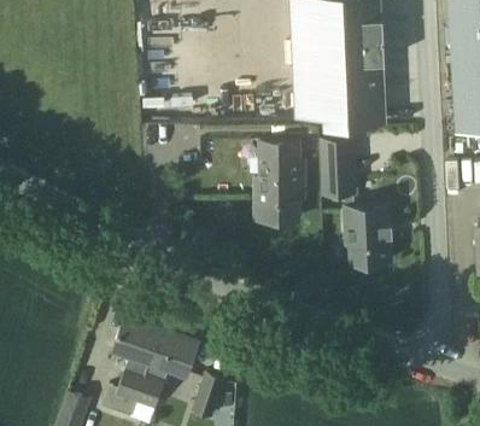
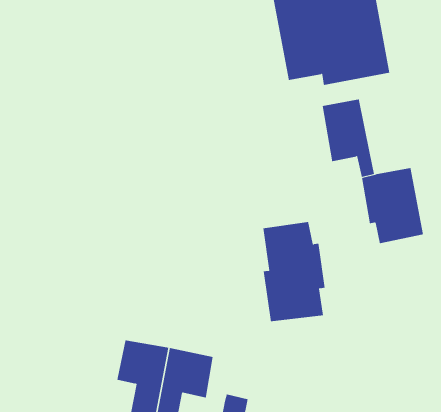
building: [254,142,305,223] -> [262,222,326,322]

